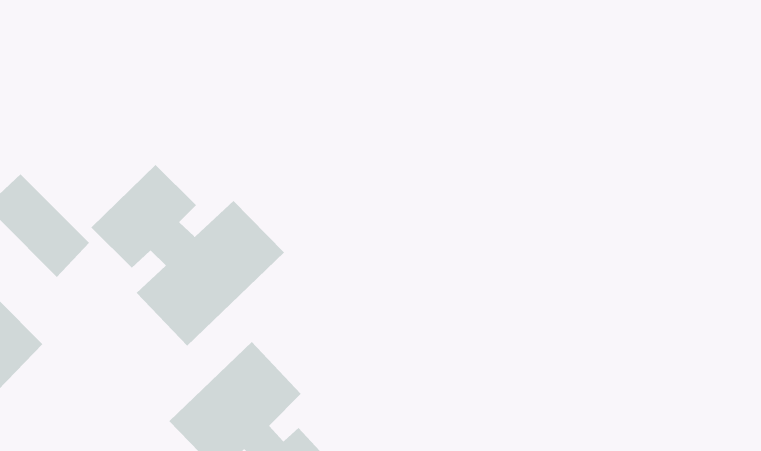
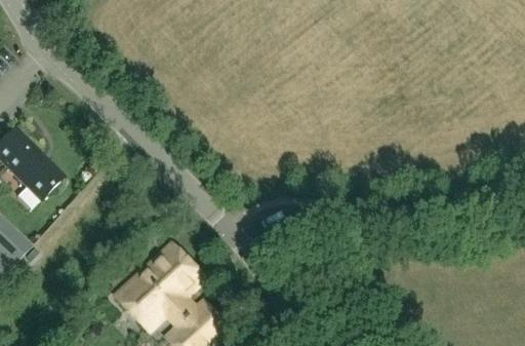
building: [91,164,285,347] -> none

